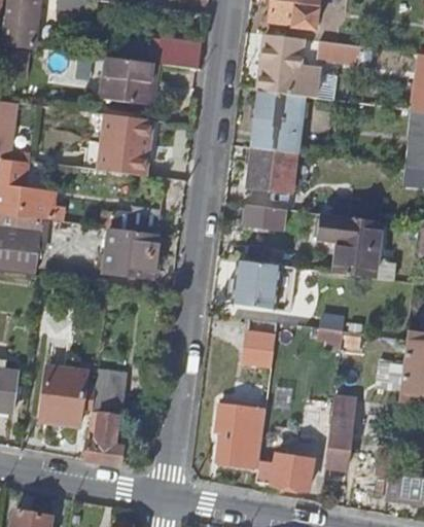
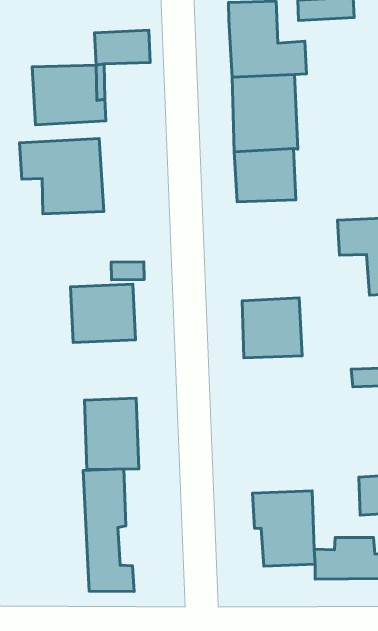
building: [241,202,287,245] -> none
building: [244,332,276,366] -> none
building: [40,366,86,425] -> [84,398,139,469]

